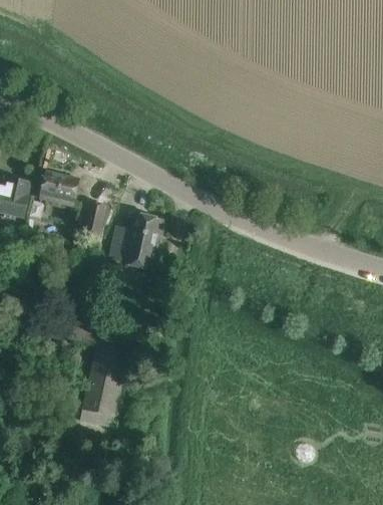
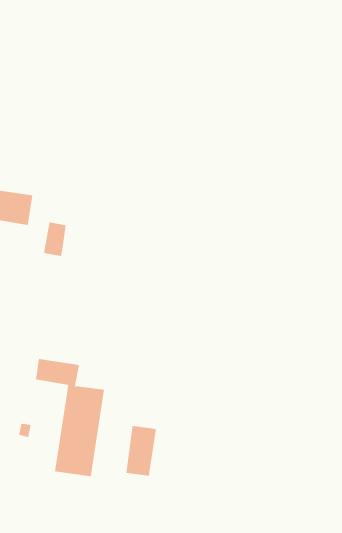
building: [109,213,163,270] -> none
building: none -> [126,425,157,477]

